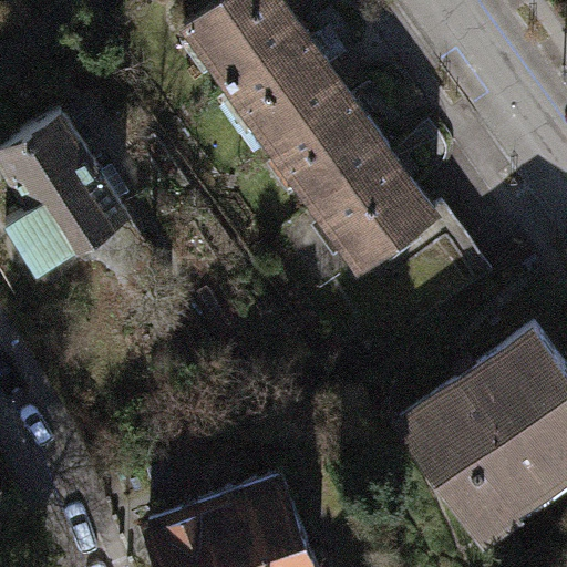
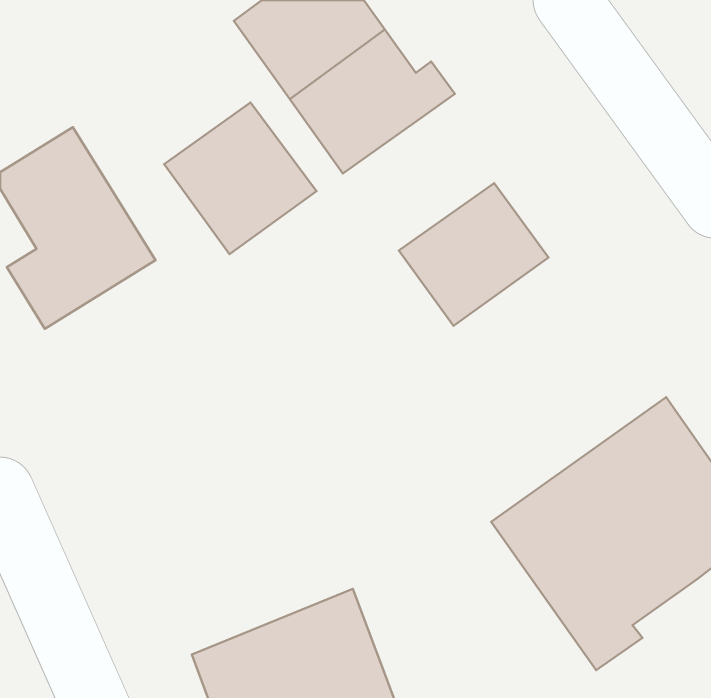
building: none -> [164,103,316,254]
building: [275,96,394,212] -> none

